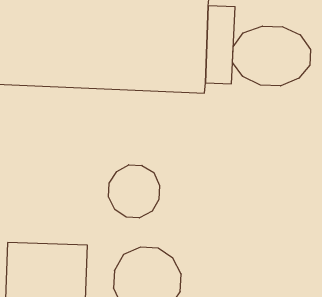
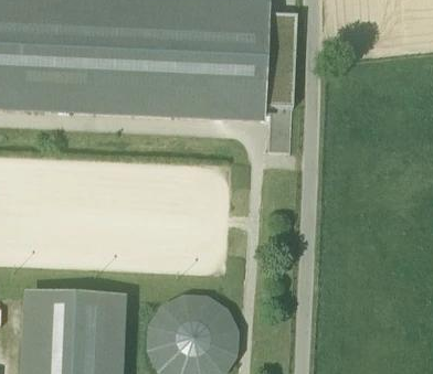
building: [233,26,311,86] -> none
building: [108,165,160,218] -> none

